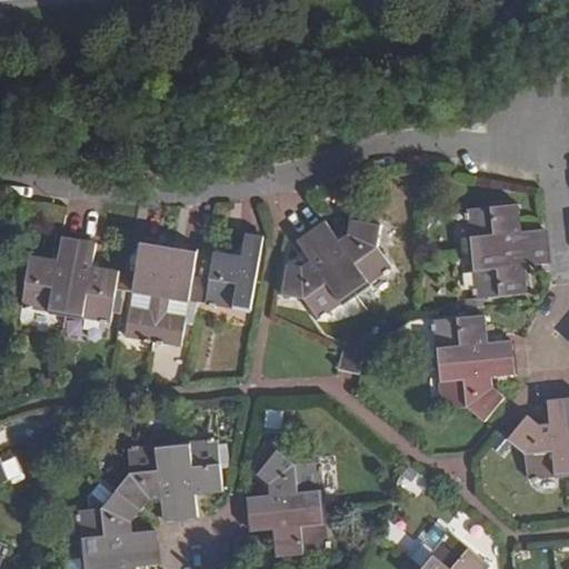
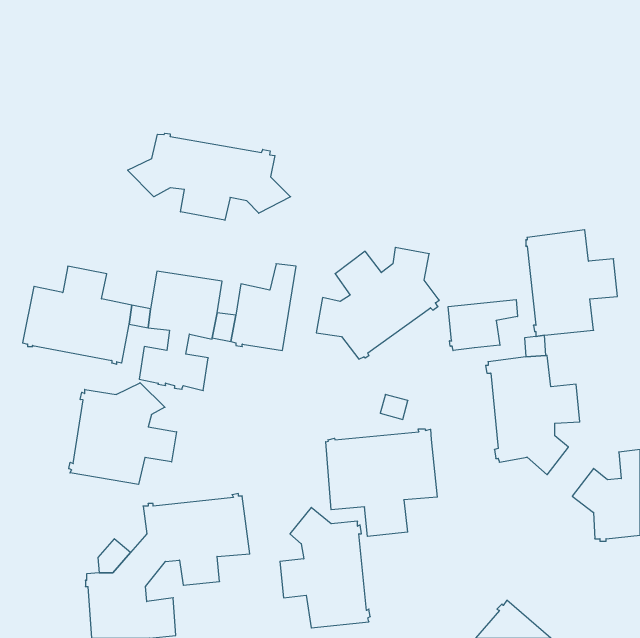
building: none -> [128,133,291,220]
building: none -> [448,300,517,351]
building: none -> [69,383,177,484]
building: none -> [326,429,437,536]

